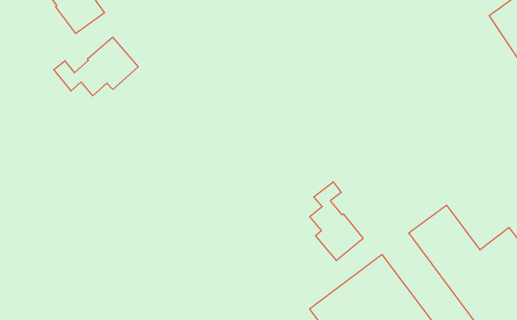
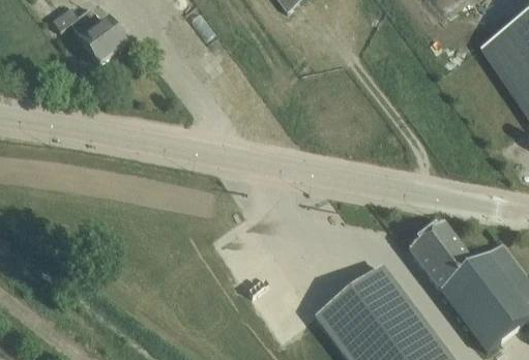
building: [54,37,138,96] -> none
building: [310,182,363,261] -> none

